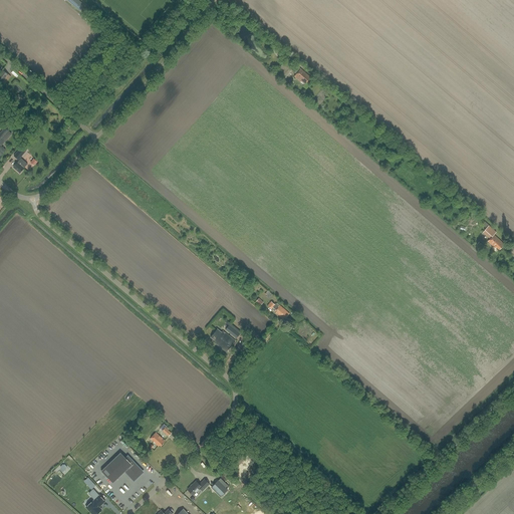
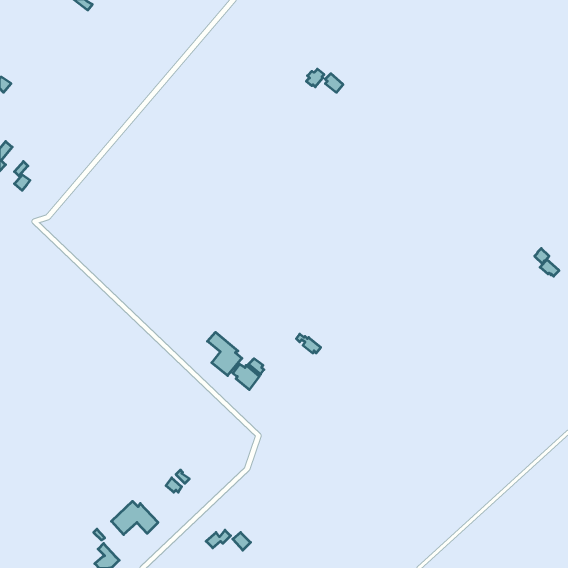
building: none -> [207,332,242,376]

